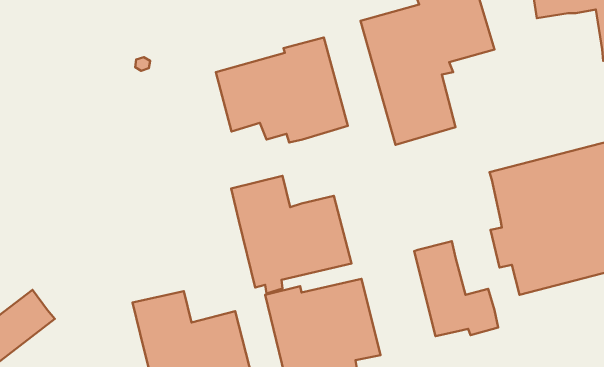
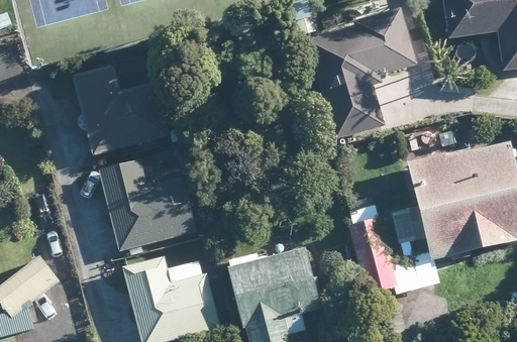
building: [216,37,348,142] -> none
building: none -> [72,65,169,159]
building: [231,176,351,294] -> [100,160,197,255]

